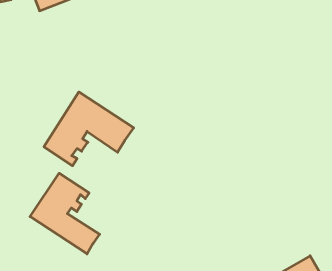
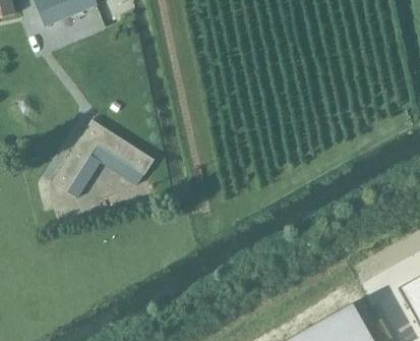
building: [30,173,100,254] -> none

